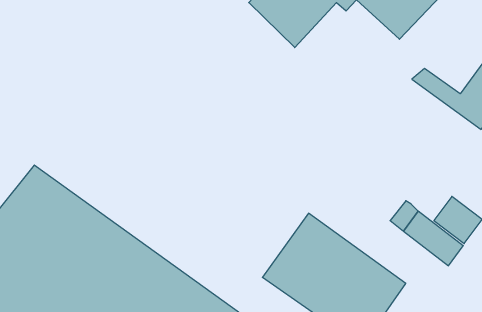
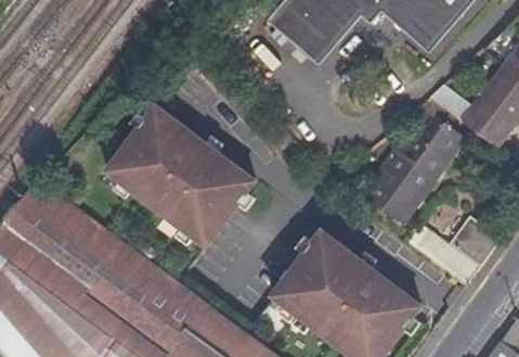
building: none -> [102,107,252,247]
building: none -> [363,107,465,215]

